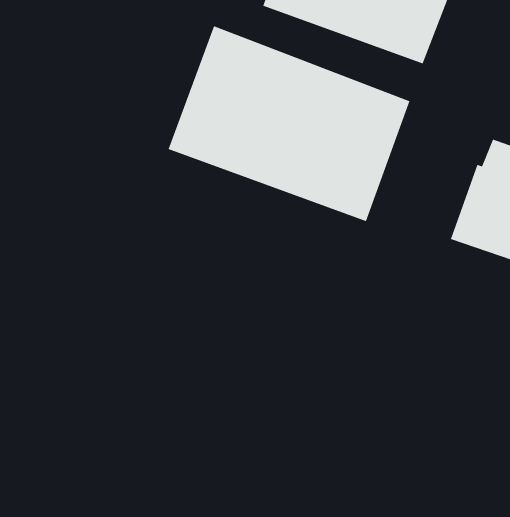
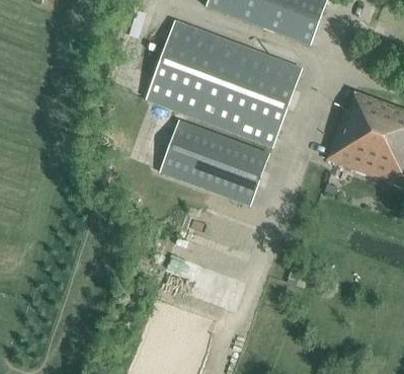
building: none -> [159,119,269,205]

